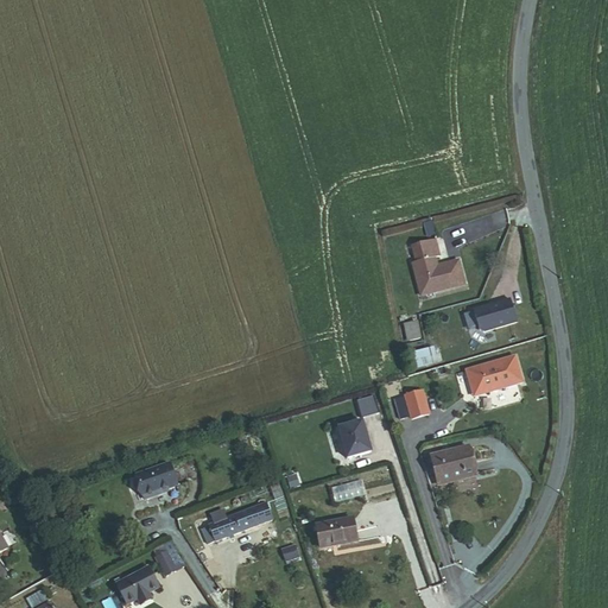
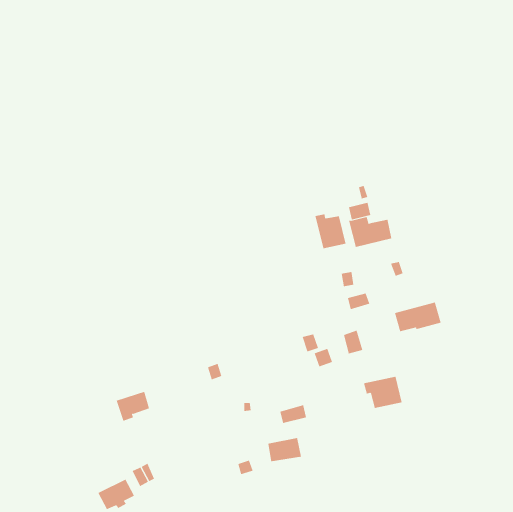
building: none -> [315,214,346,249]
building: [475,297,519,329] -> none
building: [338,419,372,457] -> none
building: [202,506,273,544] -> none

